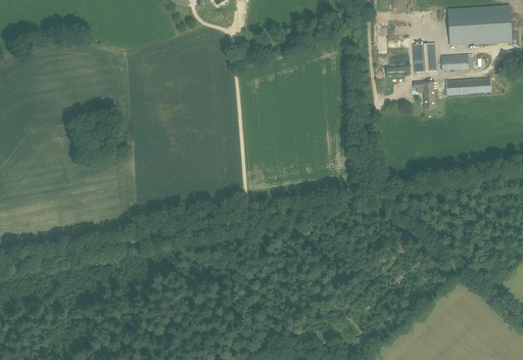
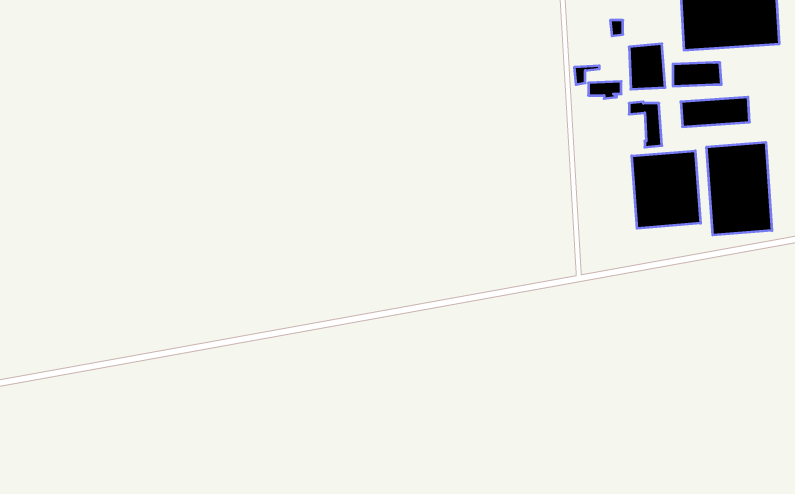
building: none -> [707,142,772,235]
building: none -> [632,151,701,228]

